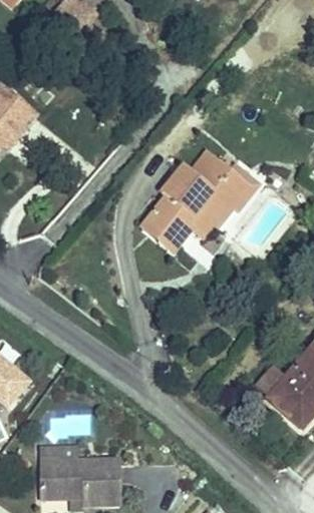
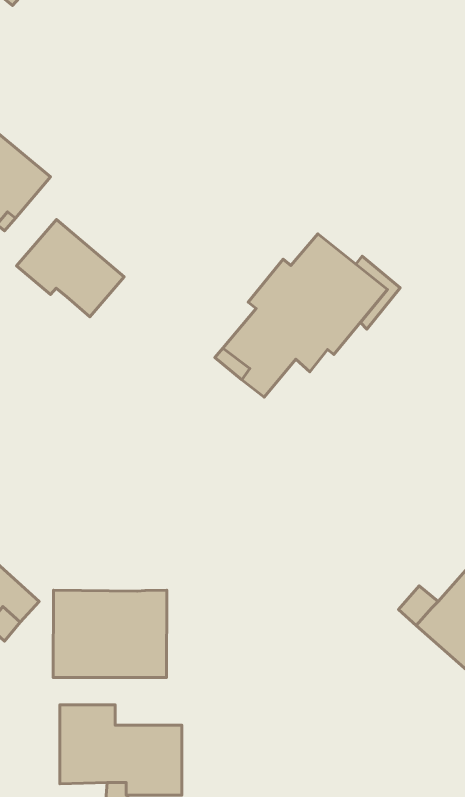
building: none -> [17,220,124,317]
building: none -> [53,590,167,677]

